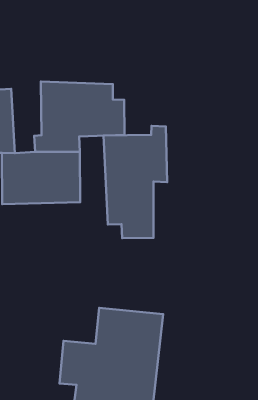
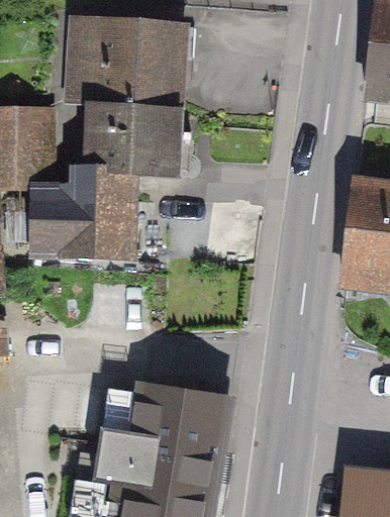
building: none -> [73,18,195,112]
building: [103,126,167,238] -> none

